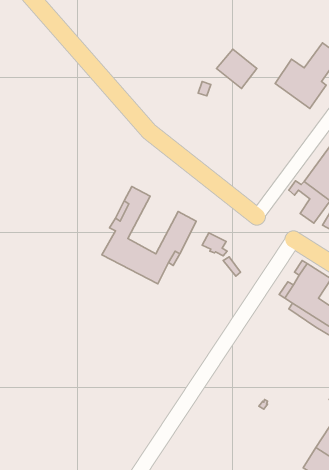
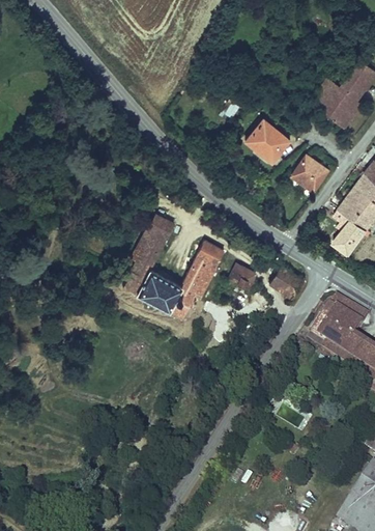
building: [217,49,257,89] -> [246,118,289,161]
building: none -> [292,153,328,190]
building: none -> [270,264,301,295]

